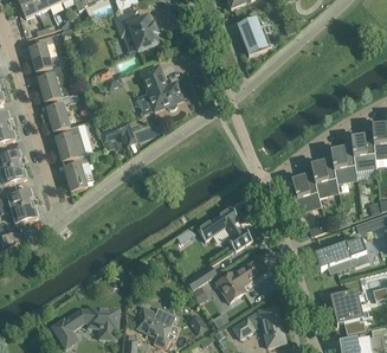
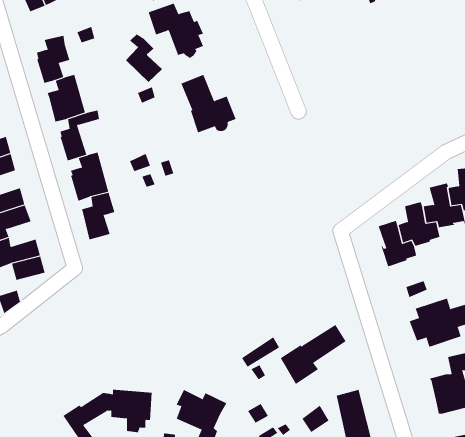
building: [236,15,270,54] -> none
building: none -> [125,33,163,83]
building: [196,205,252,250] -> none

